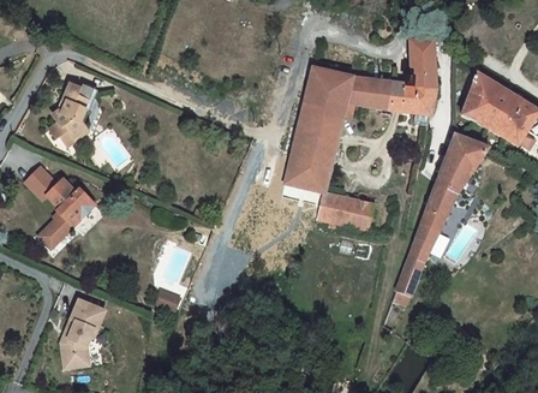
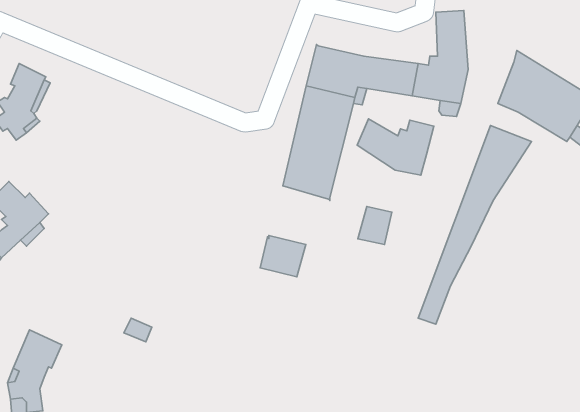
building: none -> [357,119,434,175]
building: [317,191,354,225] -> [260,236,306,277]

